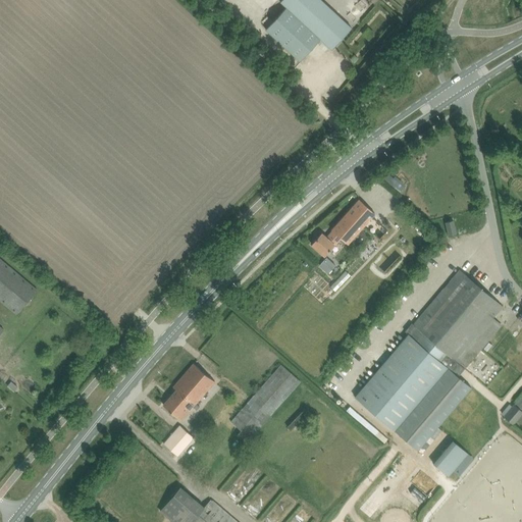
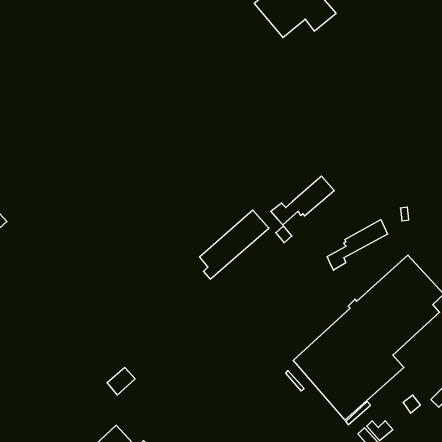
building: none -> [327,220,388,270]
building: [163,363,214,418] -> none
building: [231,365,300,442] -> [199,210,269,279]

